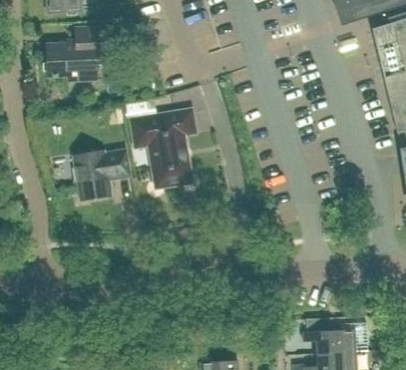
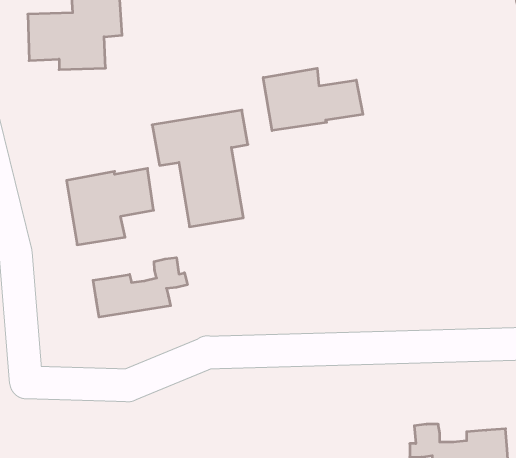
building: none -> [263,68,363,131]
building: none -> [93,258,187,317]

